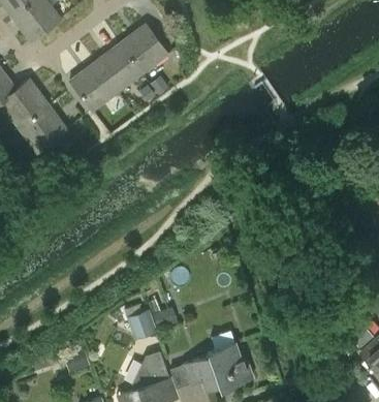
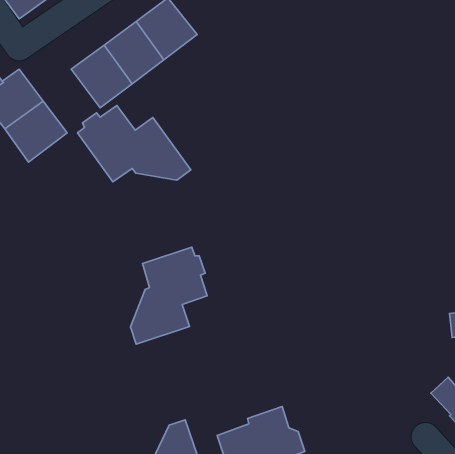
building: none -> [77,105,191,182]
building: none -> [130,247,207,344]
building: [131,308,160,337] -> none

